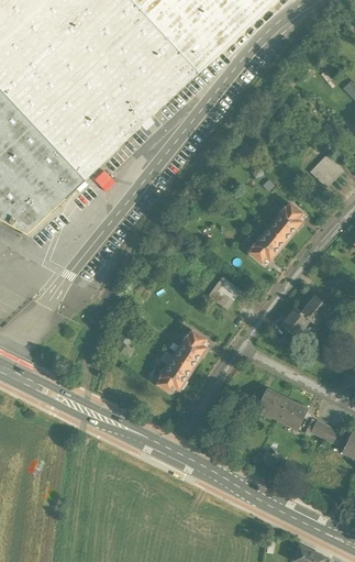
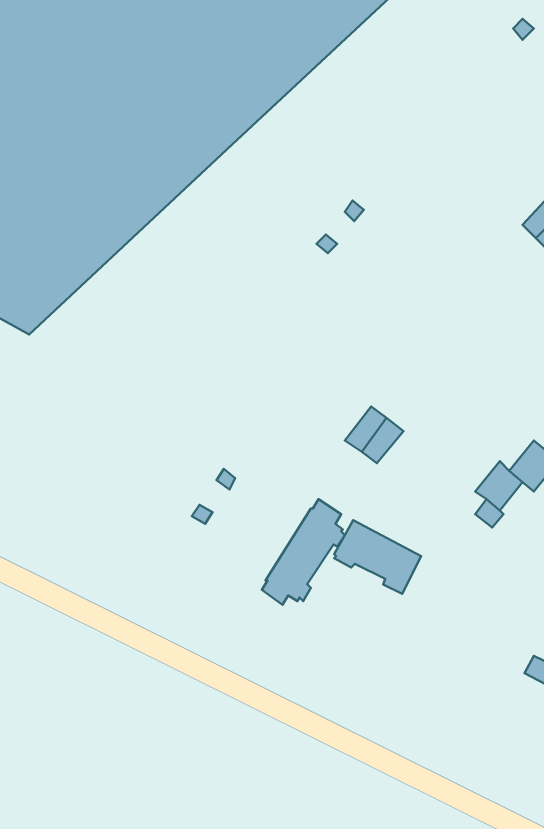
building: [251,202,302,261] -> none
building: [256,388,307,431] -> [334,520,421,594]

